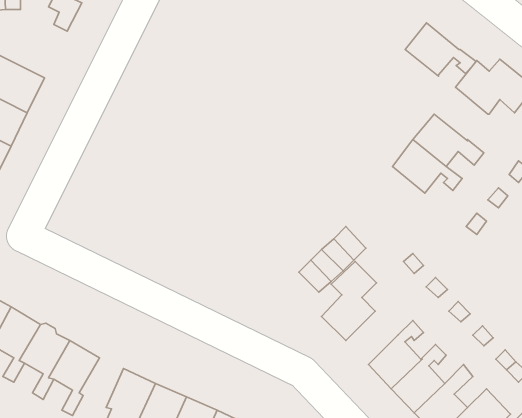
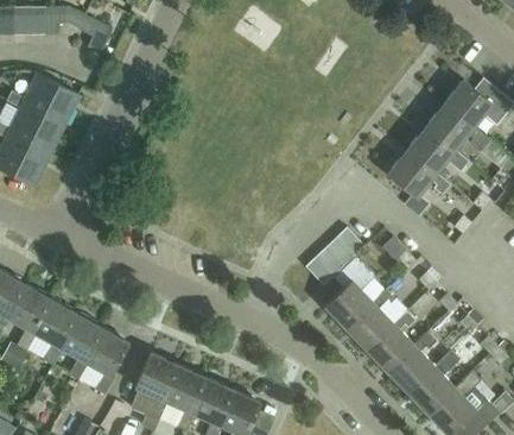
building: [405,23,476,76] -> [425,103,488,151]
building: none -> [347,289,395,349]

